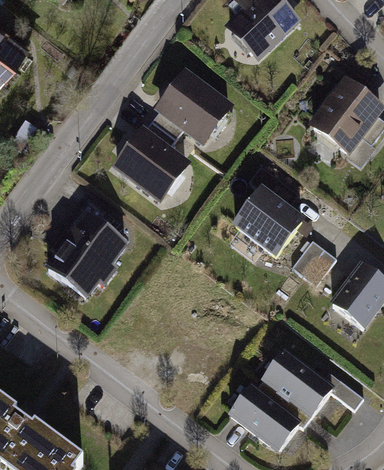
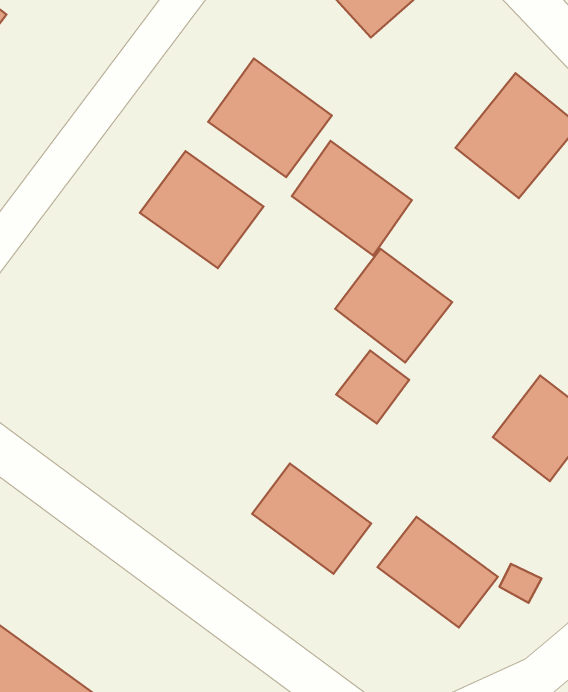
building: none -> [292,141,412,256]
building: [48,212,129,296] -> none
building: [288,240,333,285] -> [336,350,409,424]
building: [229,385,302,453] -> [252,463,371,574]

